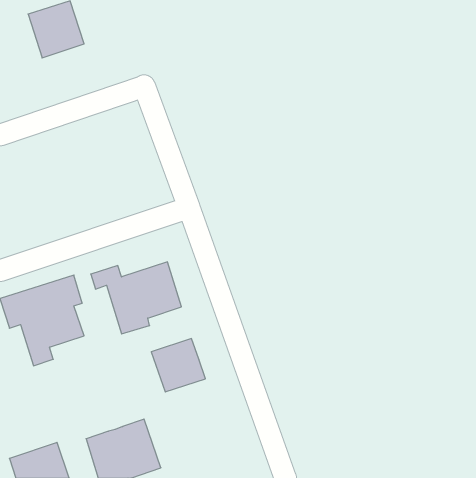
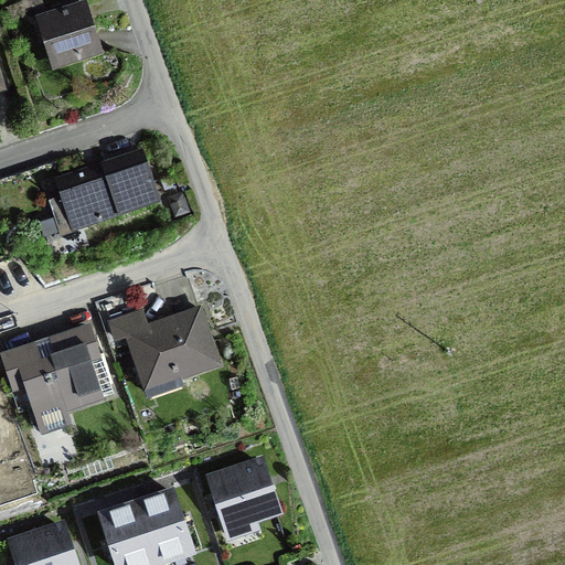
building: none -> [51,147,159,234]
building: [151,339,205,392] -> [213,466,277,529]

